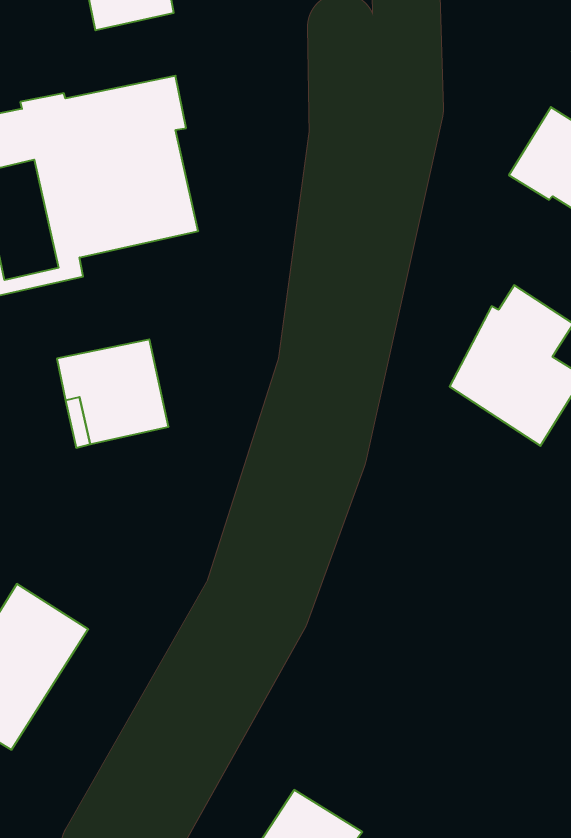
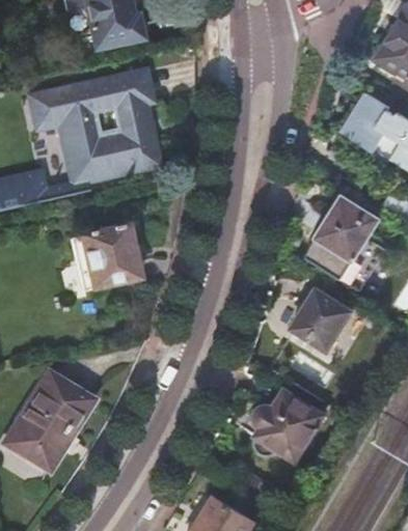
building: none -> [292,287,353,350]
building: none -> [251,389,322,459]

